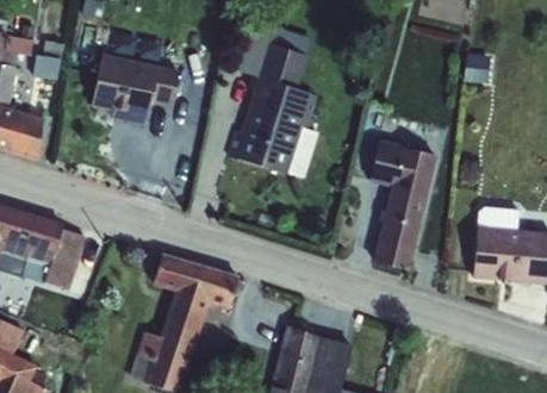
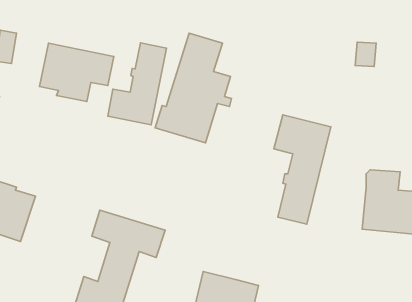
building: none -> [108,43,167,125]

